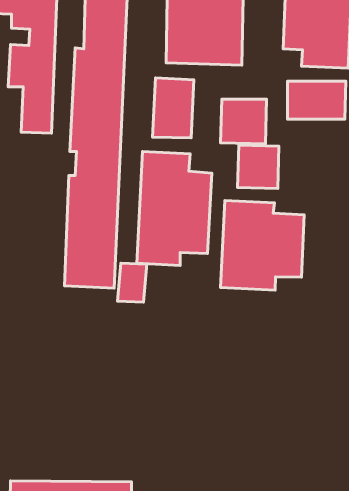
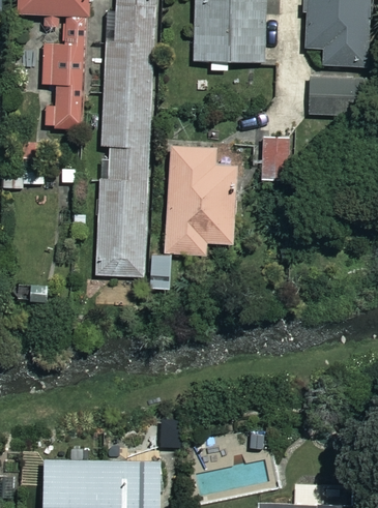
building: [152,78,194,138] -> none
building: [221,99,267,144] -> none
building: [221,201,304,290] -> none

